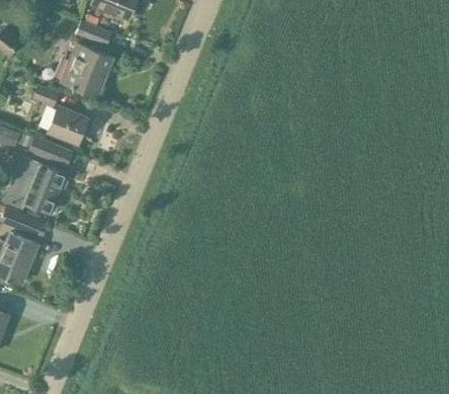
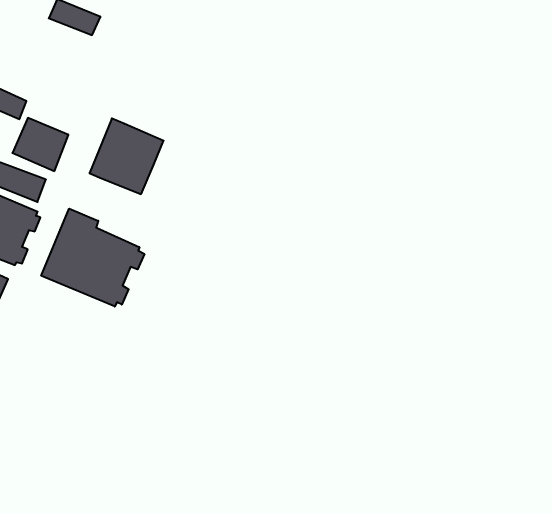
building: [60,42,113,96] -> [89,118,164,194]
building: none -> [41,209,144,307]

